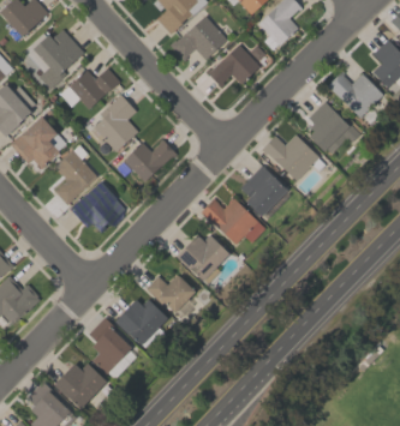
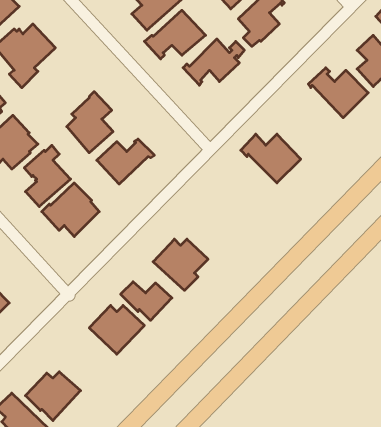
building: [59,68,119,109] -> none
building: [306,101,360,152] -> none
building: [239,166,287,217] -> none
building: [201,198,264,245] -> none
building: [88,317,133,374] -> none

